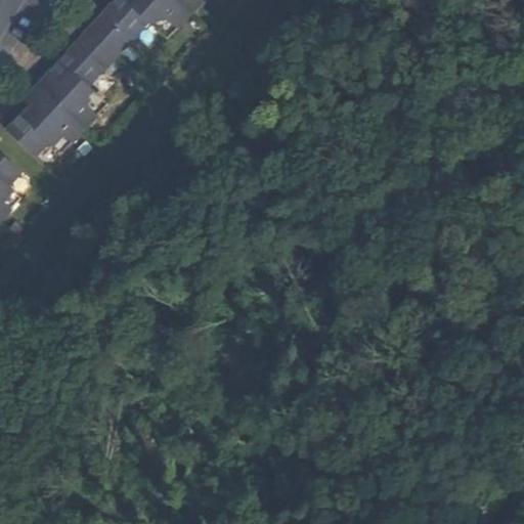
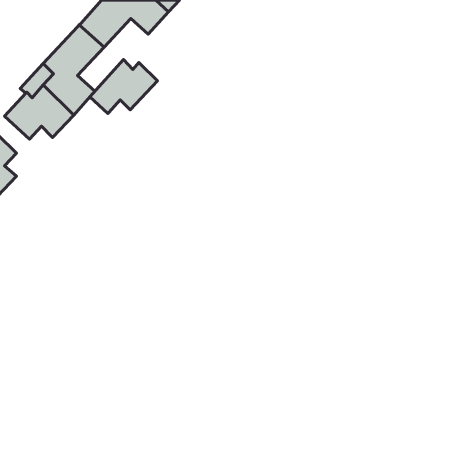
building: none -> [90,59,158,114]

